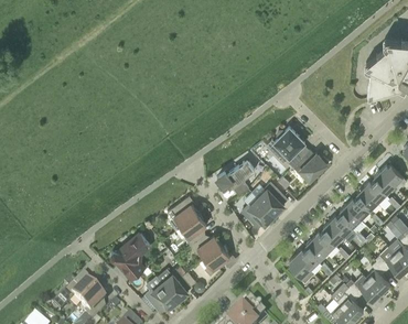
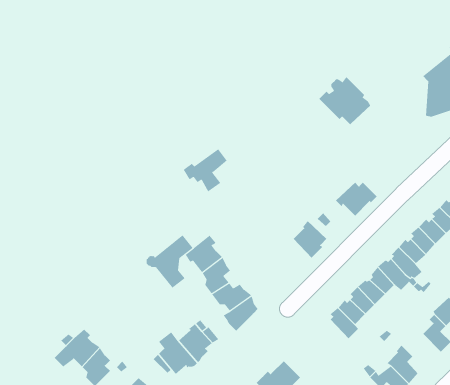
building: [266,128,310,169] -> [318,76,371,125]
building: [217,161,255,197] -> [183,149,228,192]
building: [243,199,273,228] -> none
building: [110,235,150,280] -> [146,234,193,289]
building: [346,276,382,303] -> none

